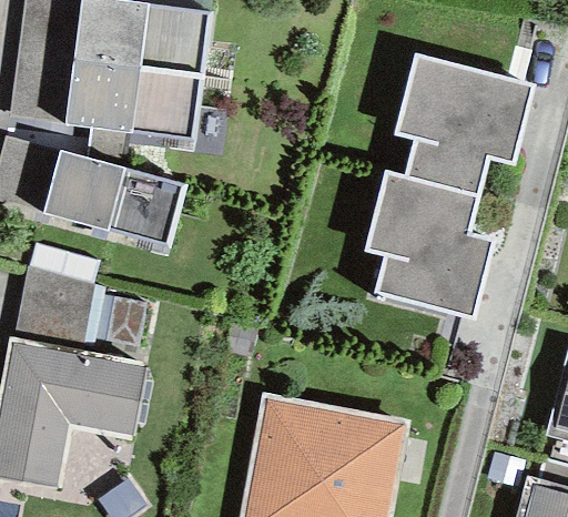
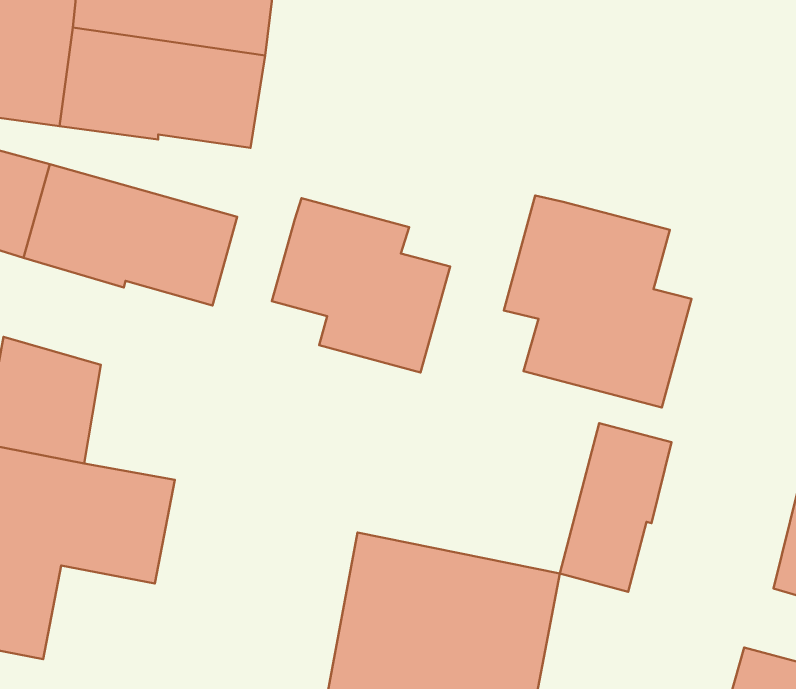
building: [394,52,532,194] -> none
building: none -> [272,198,450,373]
building: none -> [560,423,672,592]

